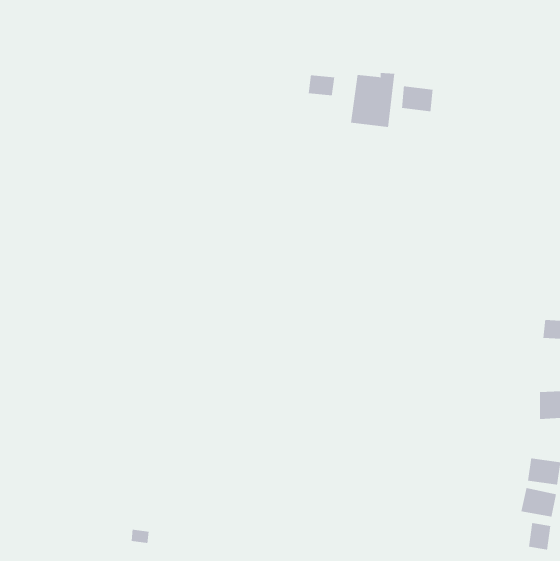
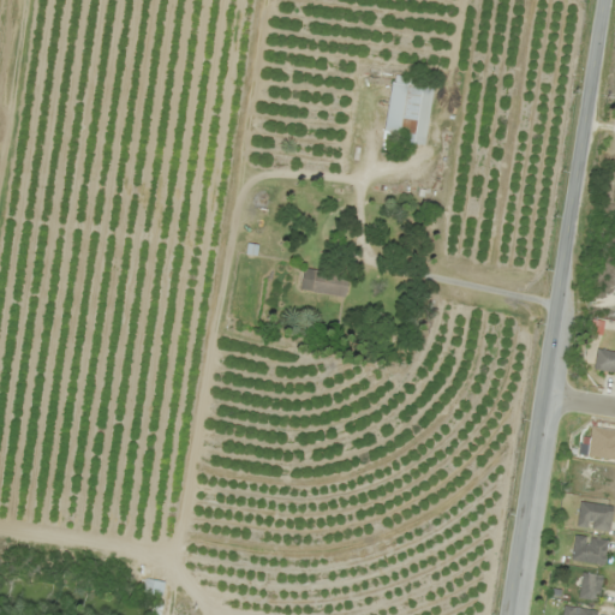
building: [308,74,335,96] -> none
building: [401,86,433,112] -> none
building: none -> [300,268,351,298]

